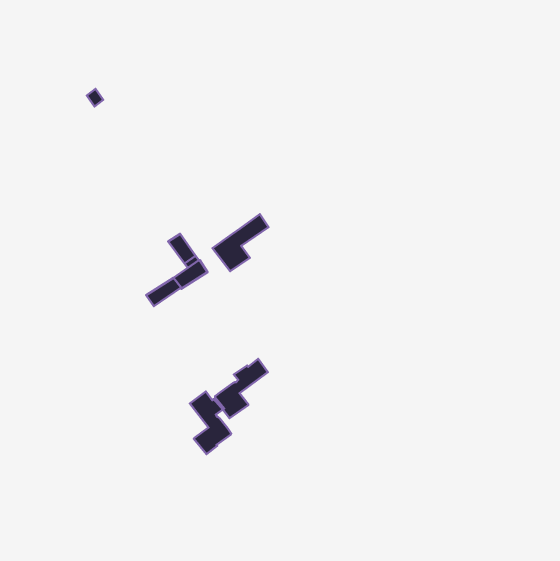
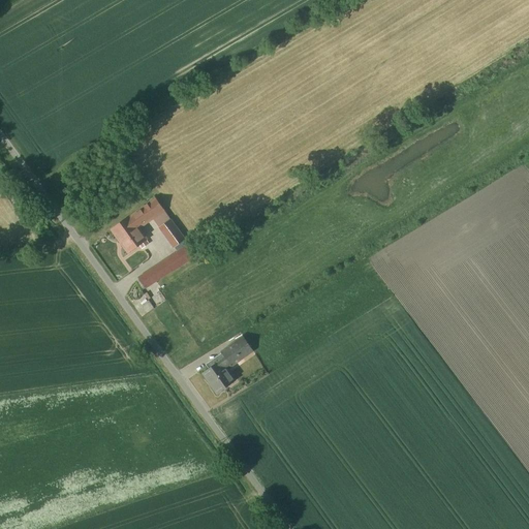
building: [213,214,269,271] -> [111,198,163,252]
building: [190,391,231,454] -> none

